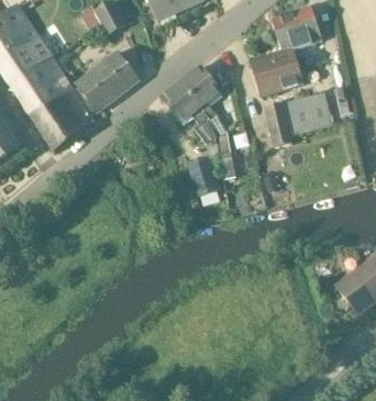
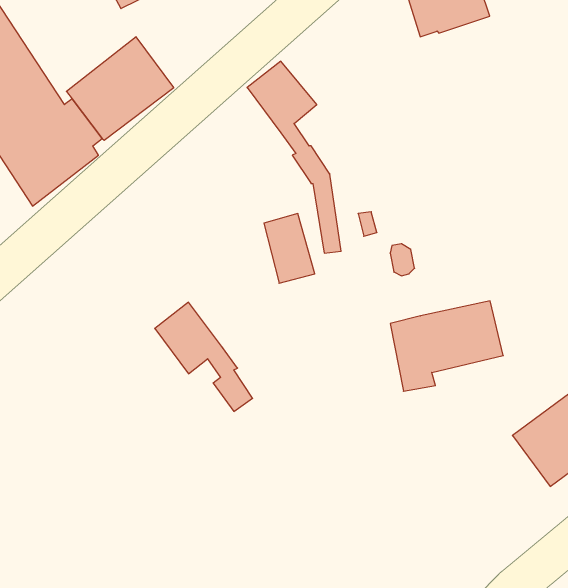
building: [250,47,302,96] -> none
building: [161,80,218,144] -> [155,302,253,411]
building: [266,92,332,145] -> [390,301,503,391]

